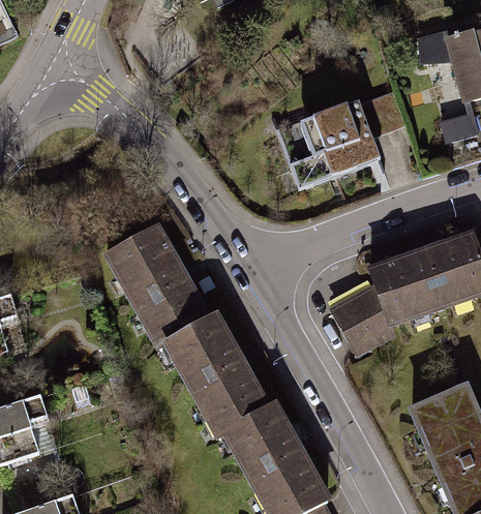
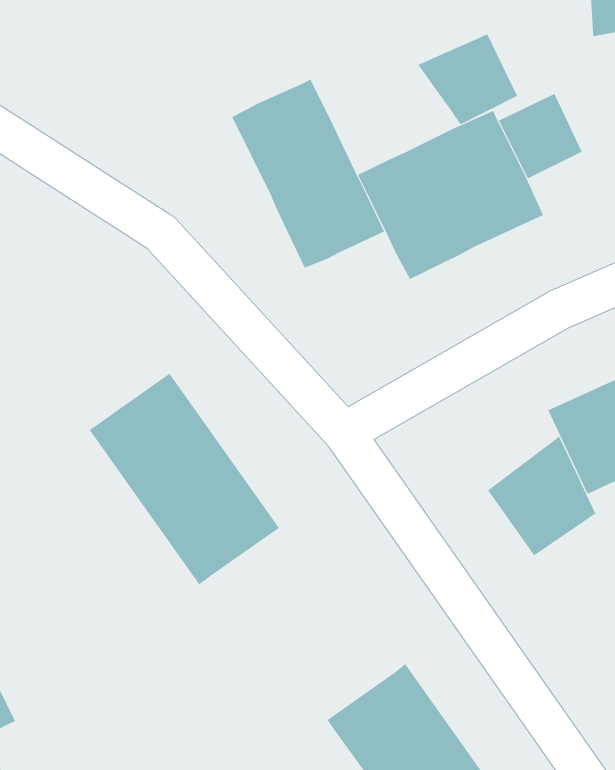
building: none -> [418,33,518,125]
building: none -> [231,79,385,268]
building: [169,319,269,439] -> none

